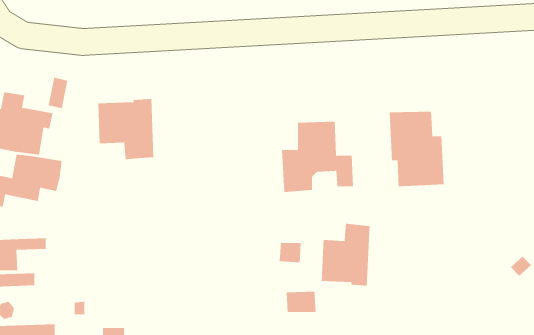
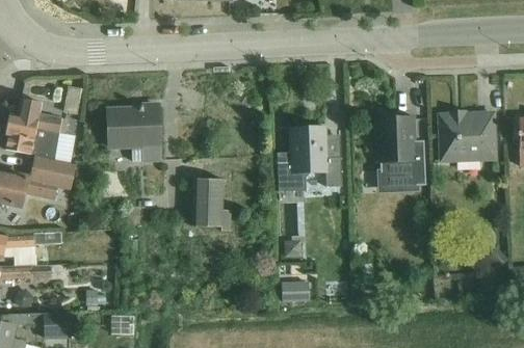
building: none -> [440,111,495,160]
building: none -> [193,178,231,231]
building: [321,223,370,287] -> none

